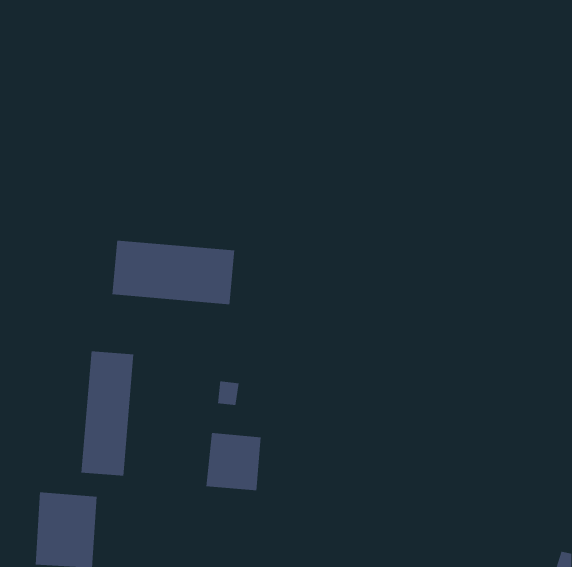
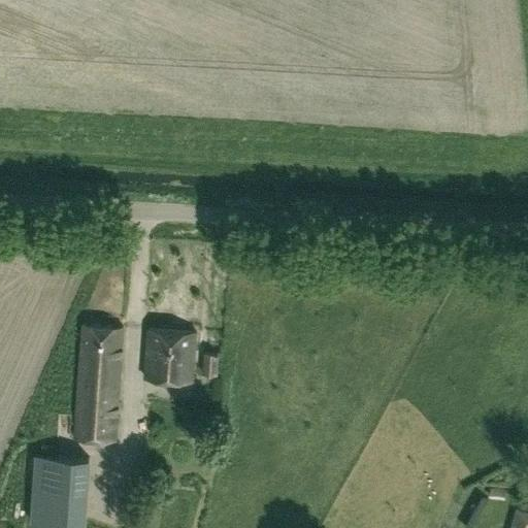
building: [112,240,235,305] -> none
building: [206,433,262,491] -> [144,331,196,385]

